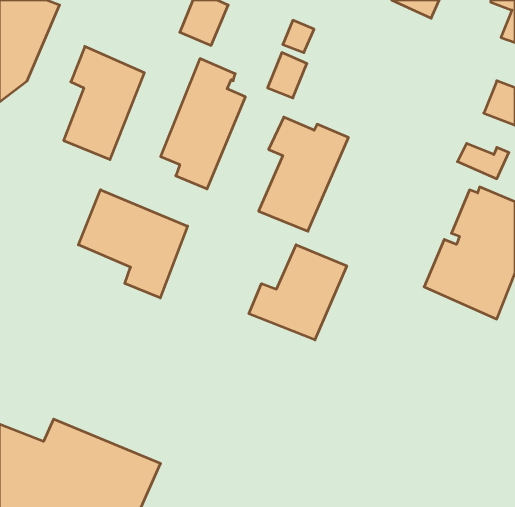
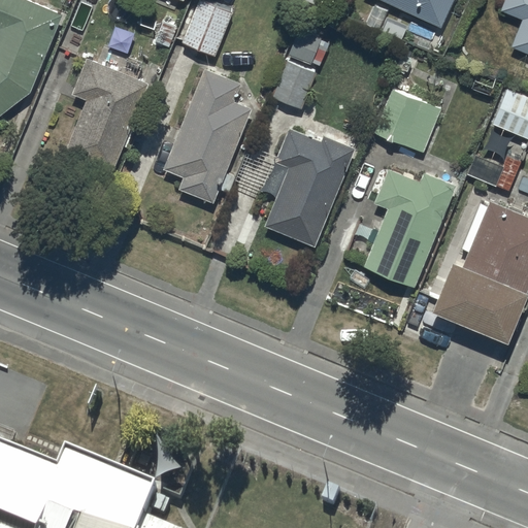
building: none -> [375,91,440,155]
building: none -> [366,169,455,284]
building: [78,190,188,298] -> none
building: [249,245,347,340] -> none

